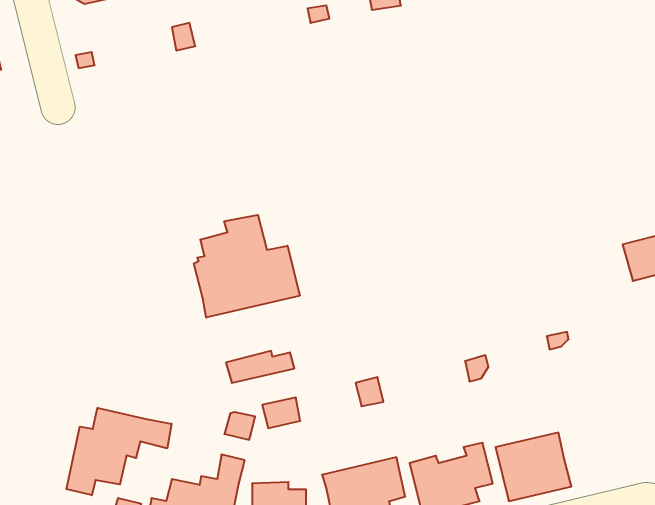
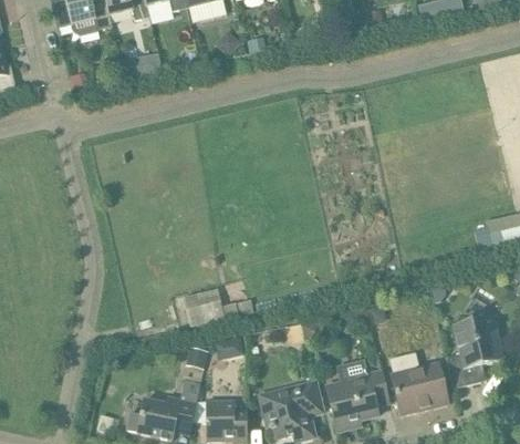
building: [194,215,300,318] -> none
building: none -> [446,319,499,388]
building: [66,408,172,495] -> none

